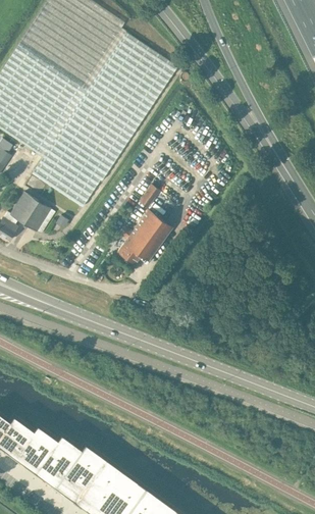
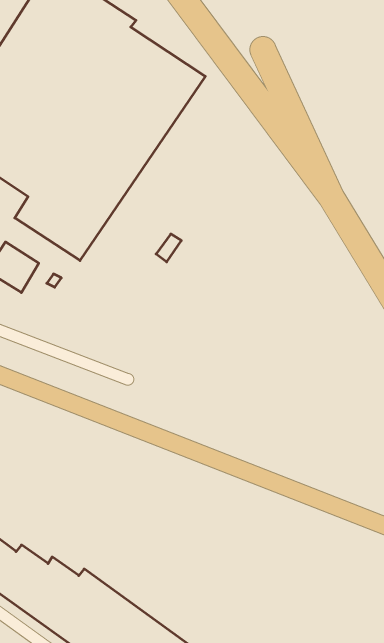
building: [117,211,171,266] -> none

